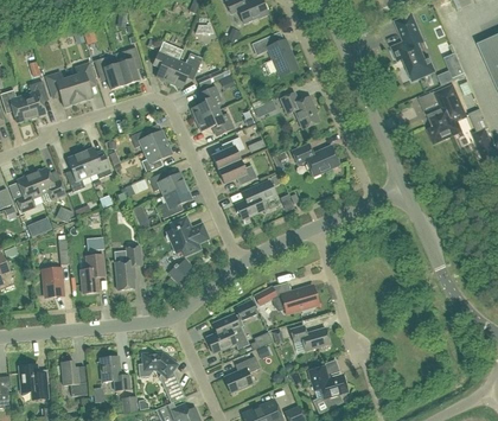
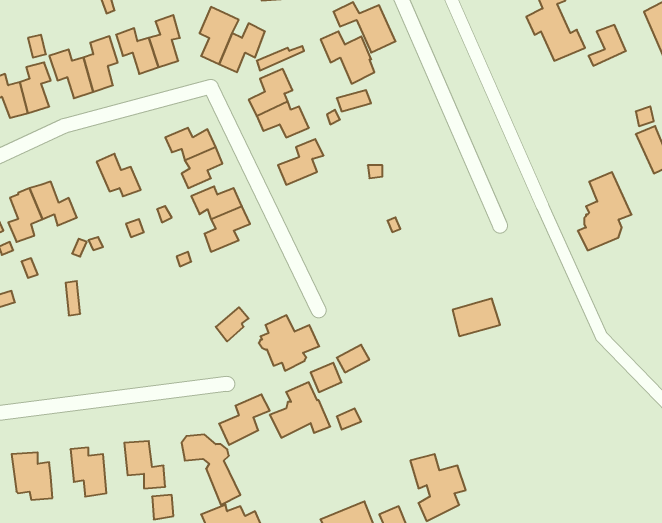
building: [427,85,466,142] -> [578,172,632,250]
building: [280,91,319,129] -> [321,31,374,84]
building: [290,143,339,176] -> none
building: [64,153,89,192] -> none
building: [217,160,256,184] -> none
building: [235,180,275,218] -> none
building: [165,216,209,256] -> [259,315,319,371]
building: [114,245,141,289] -> none
building: [79,254,104,293] -> none
building: [42,267,64,296] -> none
building: [281,286,315,313] -> [453,299,500,336]
building: [289,325,330,351] -> none
building: [223,356,260,393] -> [219,394,270,445]

